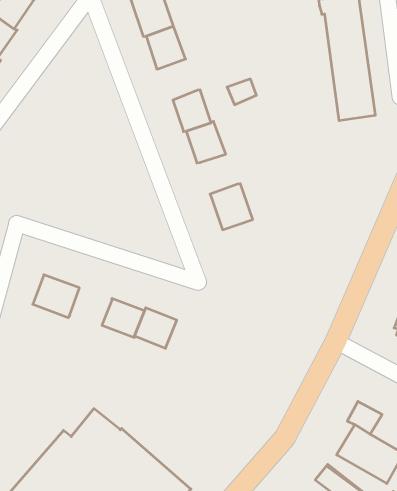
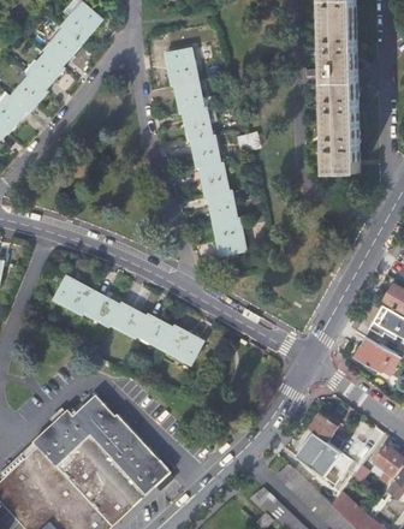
building: none -> [180,107,212,141]
building: none -> [207,190,237,224]
building: none -> [83,291,120,326]
building: none -> [161,325,203,364]

